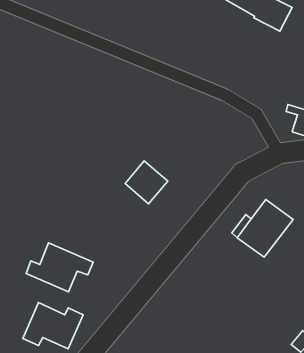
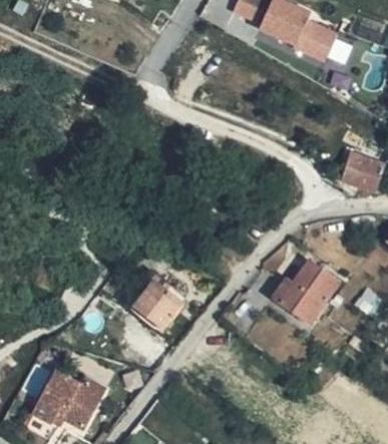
building: [125,161,168,204] -> [129,281,178,330]
building: [26,243,93,292] -> none

